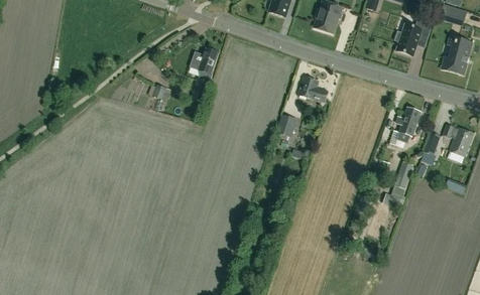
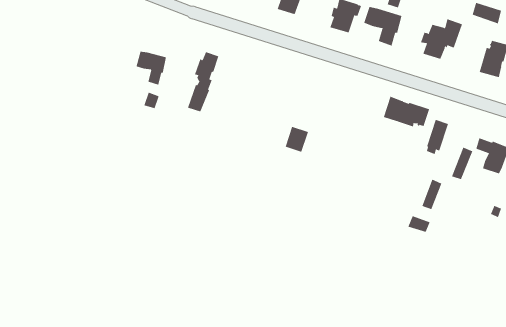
building: none -> [363,6,402,46]
building: none -> [136,51,167,85]
building: [297,77,328,102] -> none
building: none -> [383,96,430,127]

